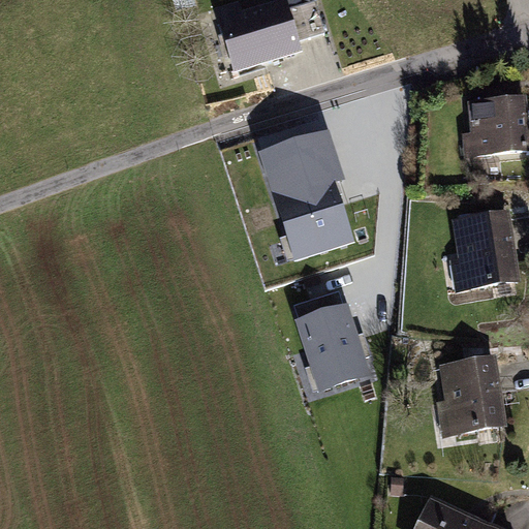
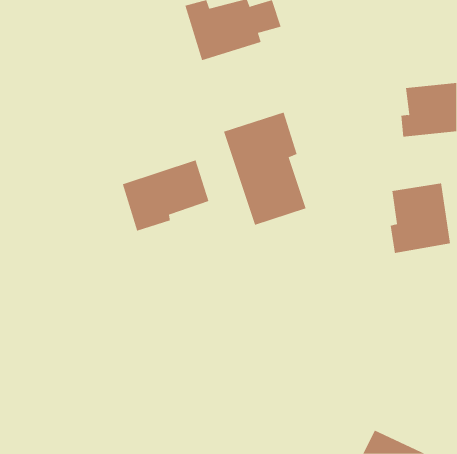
building: none -> [122,159,209,232]
building: [293,303,371,391] -> none
building: [436,356,507,437] -> none

